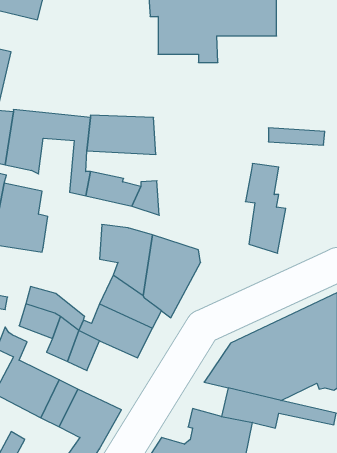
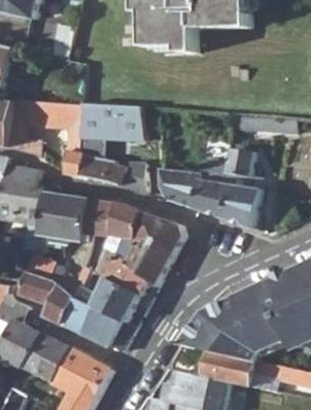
building: none -> [158,152,231,219]
building: none -> [33,195,89,251]
building: none -> [80,306,134,349]

